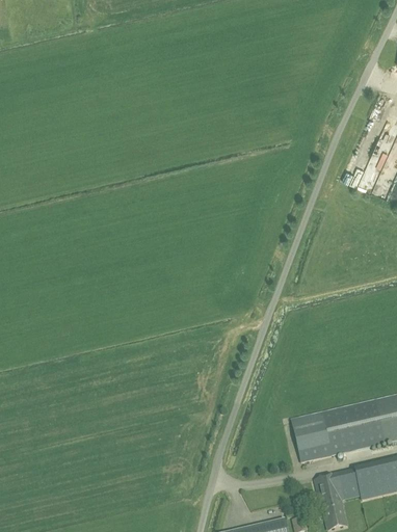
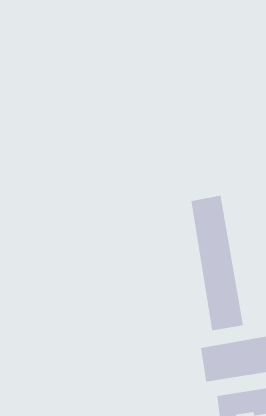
building: none -> [191,195,244,331]

